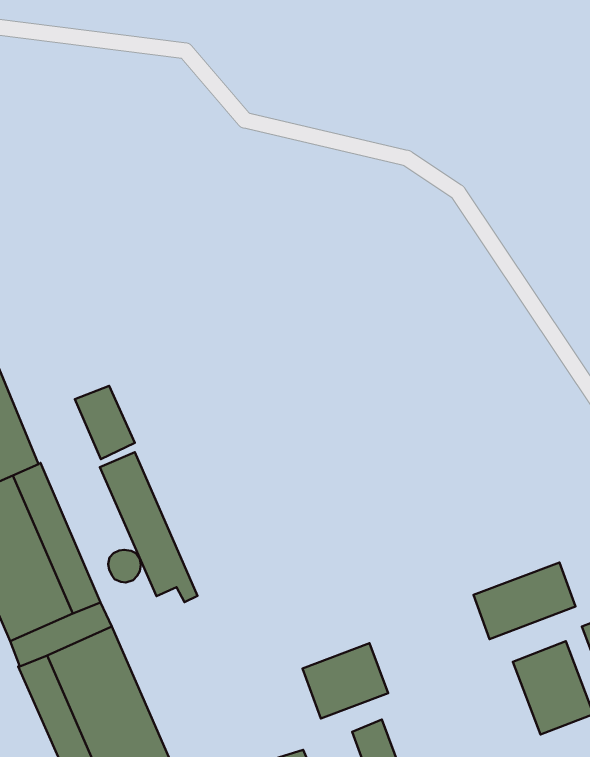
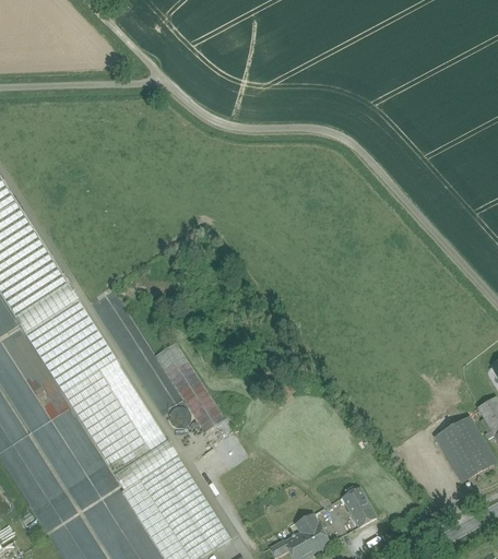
building: [75,386,135,459] -> none
building: [473,562,576,639] -> none
building: [303,643,388,718] -> none

